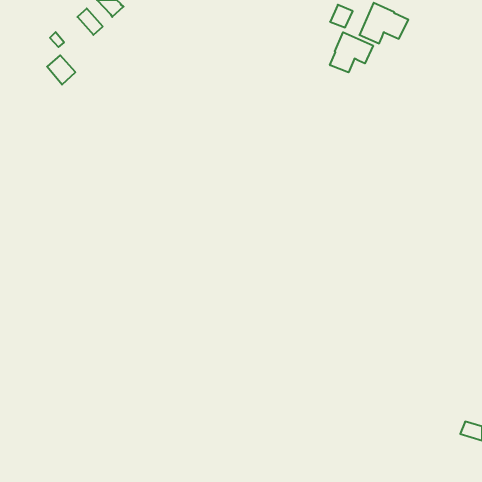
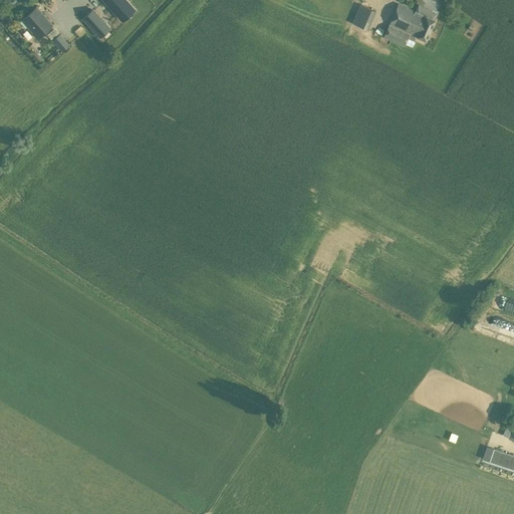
building: [330,32,373,72] -> none
building: [47,55,75,85] -> [22,7,52,38]

